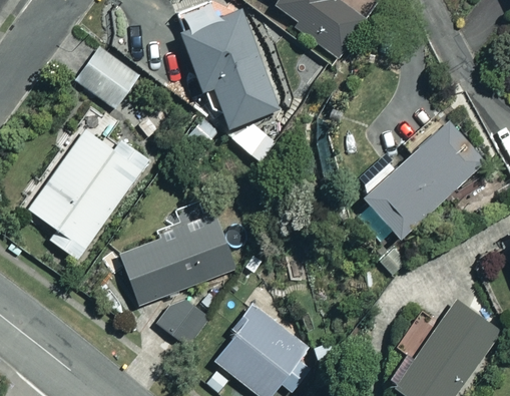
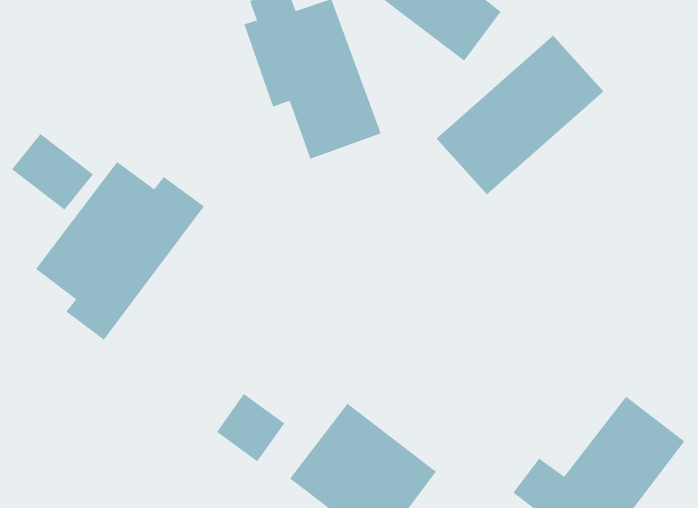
building: [75,52,135,108] -> [11,133,94,211]
building: [362,119,484,236] -> [436,35,604,195]
building: [119,214,235,304] -> none

